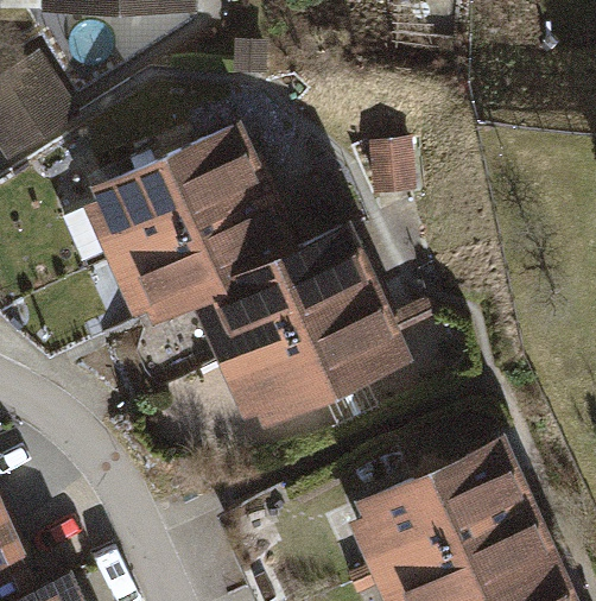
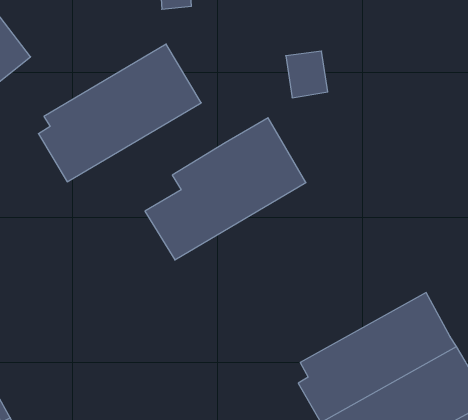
building: [107,192,292,328] -> none
building: [221,296,412,439] -> none

